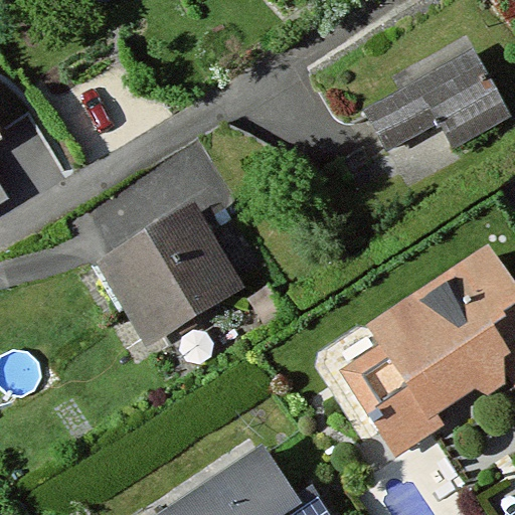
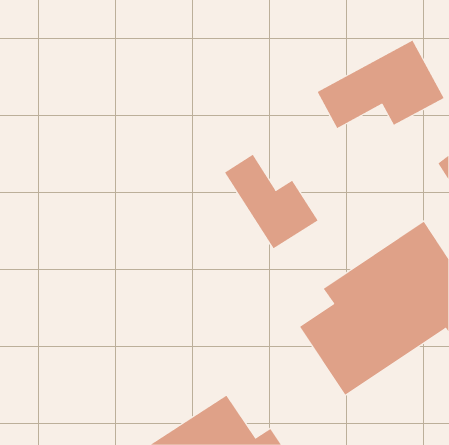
building: none -> [224,154,318,249]
building: [99,207,241,345] -> none

